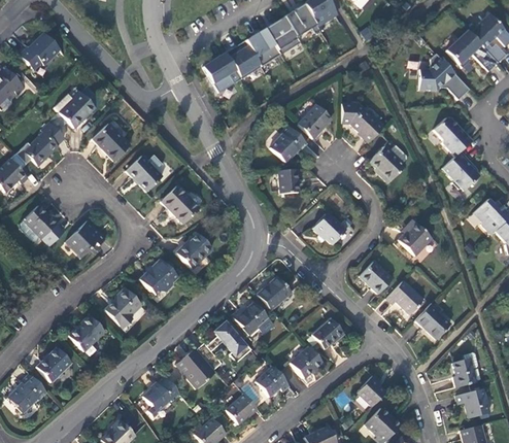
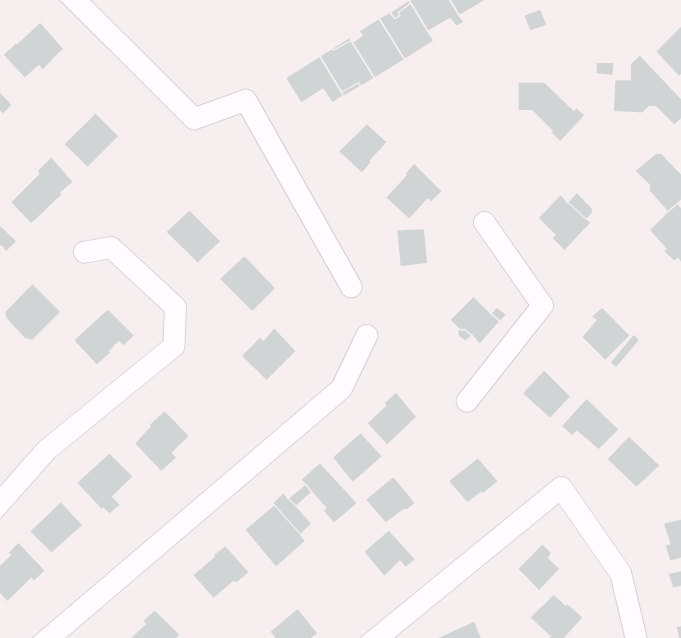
building: [340,103,384,142] -> [518,82,585,142]
building: [297,104,329,137] -> [339,123,387,174]
building: [92,123,129,161] -> none
building: [139,259,177,295] -> none
building: [290,346,323,377] -> [365,476,415,523]
building: [226,394,257,423] -> none

